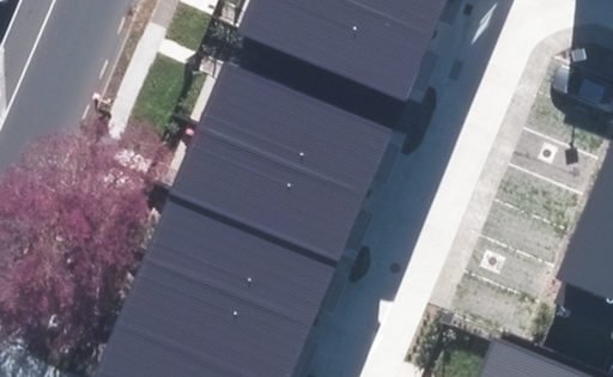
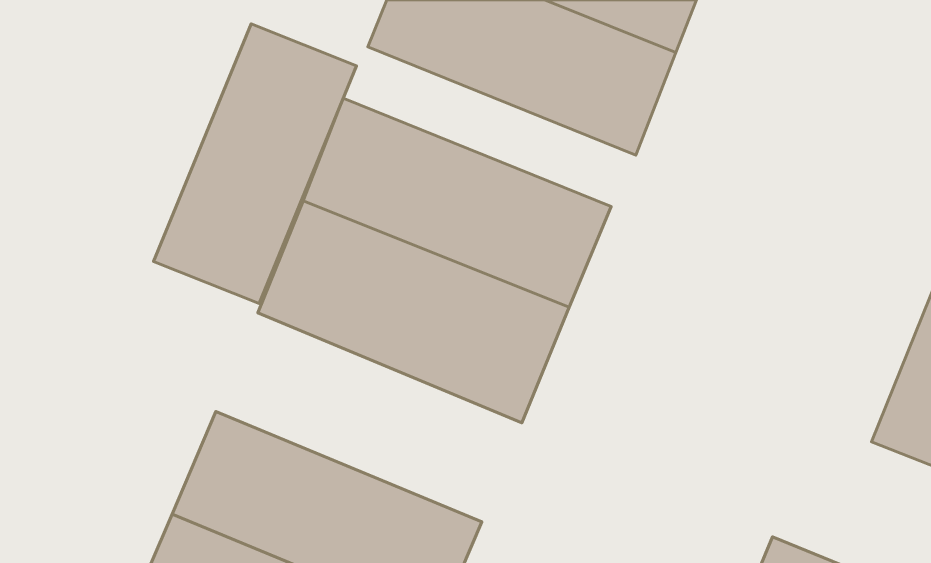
building: none -> [154,24,357,304]
building: [142,197,335,329] -> none

